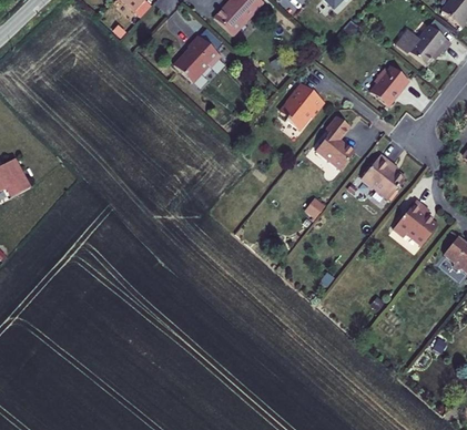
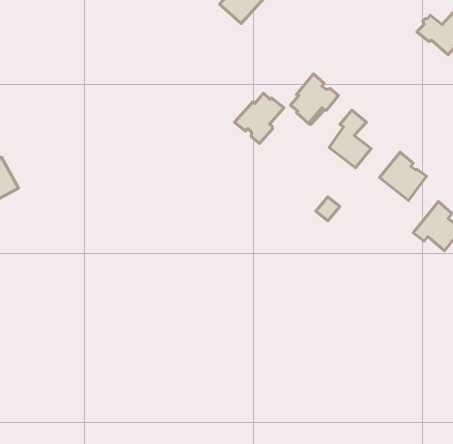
building: [173,34,220,82] -> none
building: [368,68,409,108] -> none
building: none -> [235,93,284,144]

